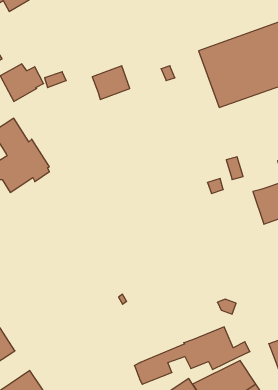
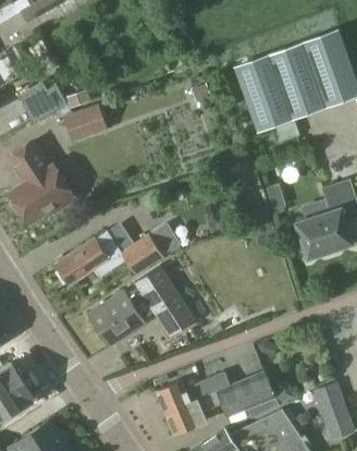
building: [92,66,130,99] -> [64,105,106,142]
building: none -> [54,223,180,285]
building: none -> [87,265,196,346]
building: none -> [156,373,230,414]

